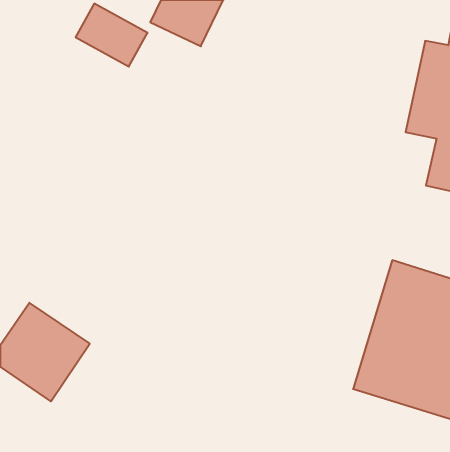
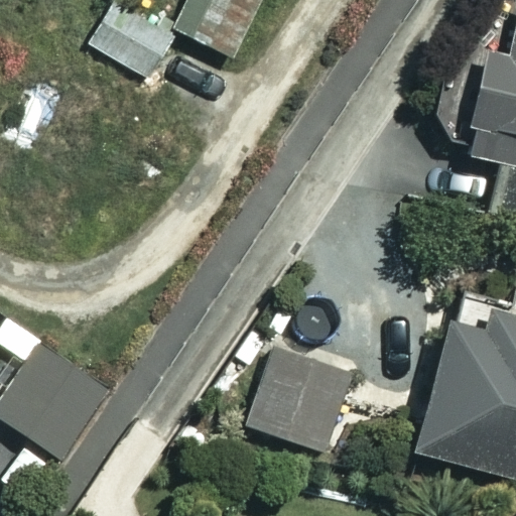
building: none -> [251,350,351,452]

